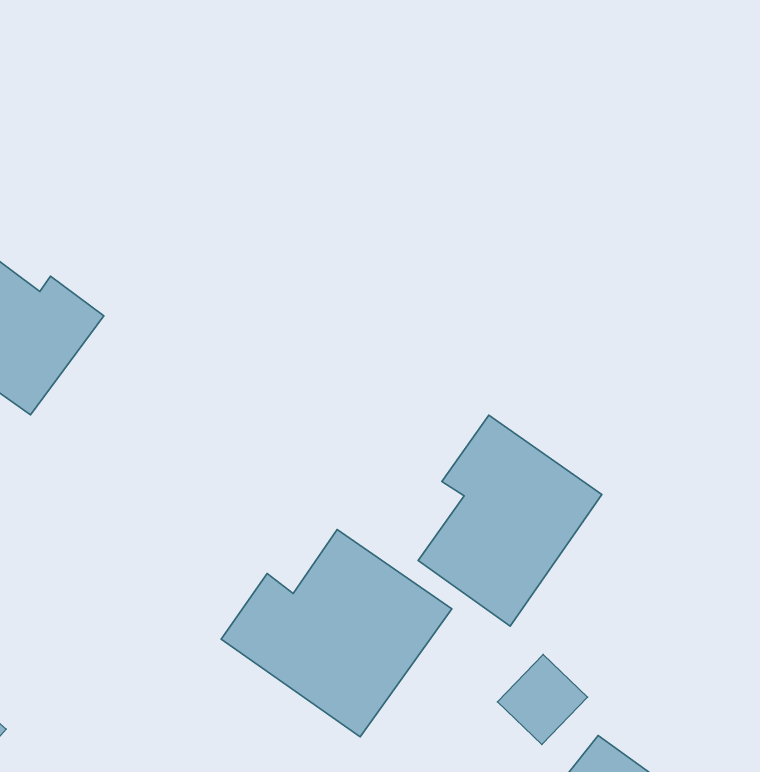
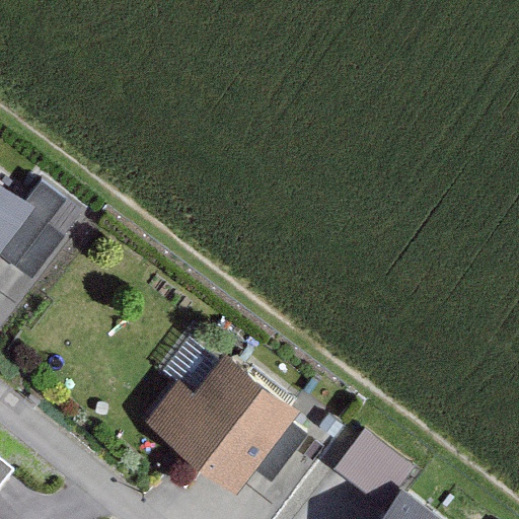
building: [418,415,602,626] -> none

